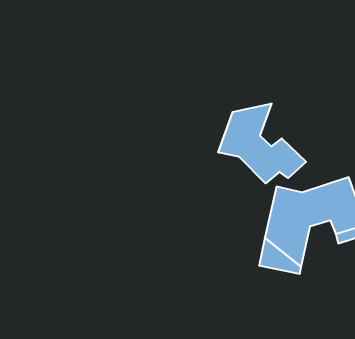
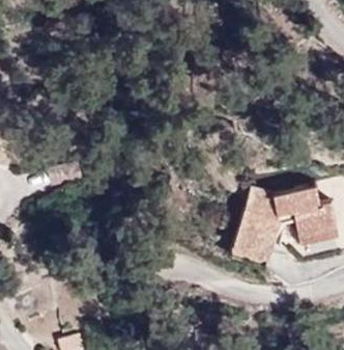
building: [218,103,306,183] -> none

